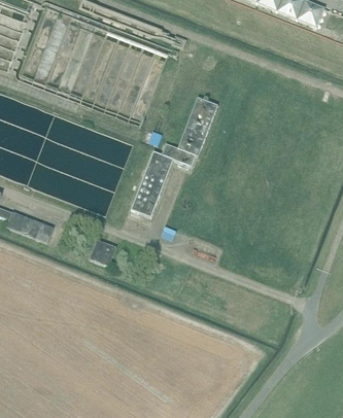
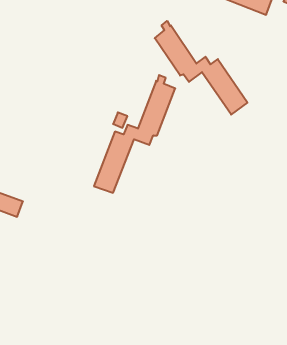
building: none -> [155,21,247,115]
building: [90,237,117,266] -> none

